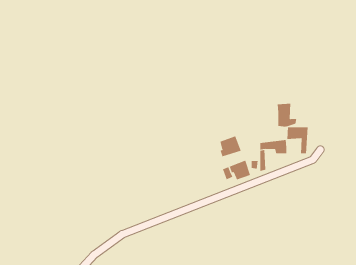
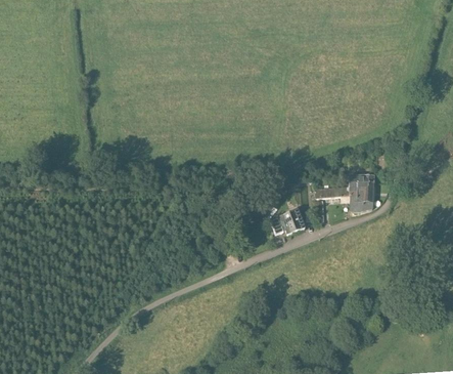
building: [277,103,297,127] -> [349,182,373,211]
building: [220,136,241,157] -> none

